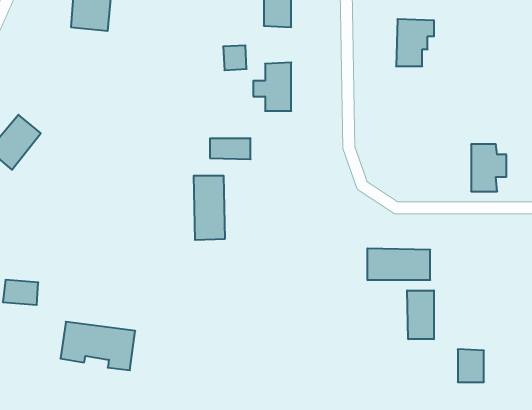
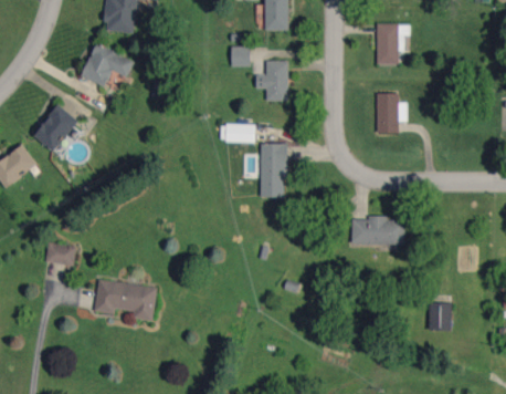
building: none -> [82,43,134,85]
building: [471,144,506,191] -> [377,93,407,133]
building: [194,176,225,240] -> [260,143,286,197]
building: [407,290,434,339] -> none

